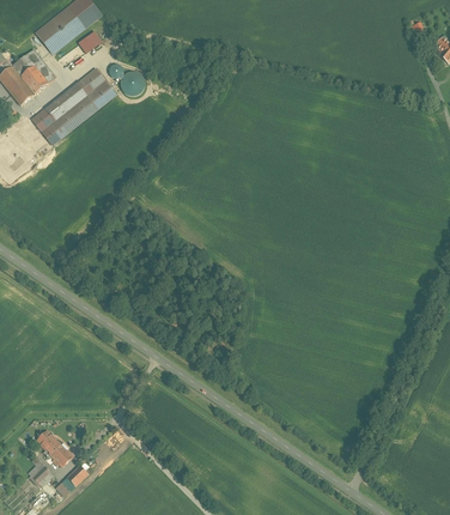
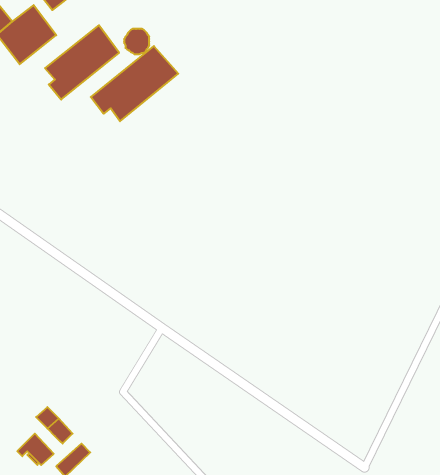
building: none -> [91,46,178,121]

